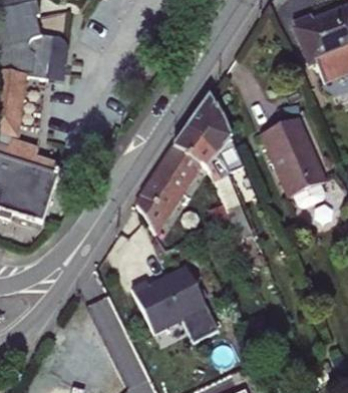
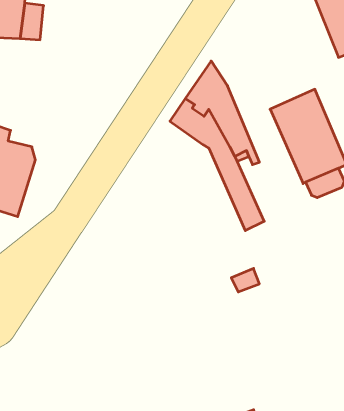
building: [136,142,203,234] -> none
building: [130,265,218,341] -> none

